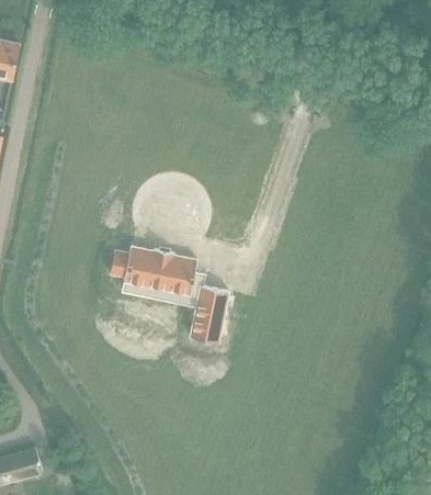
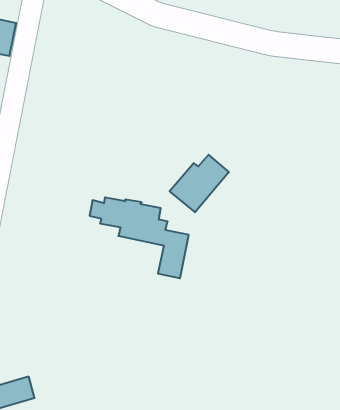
building: none -> [170,155,229,212]

